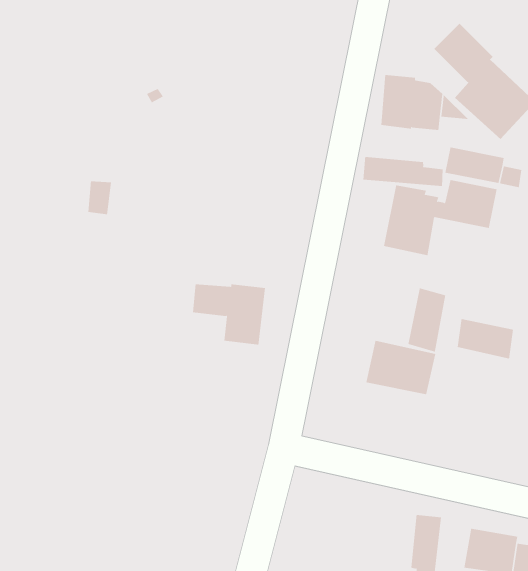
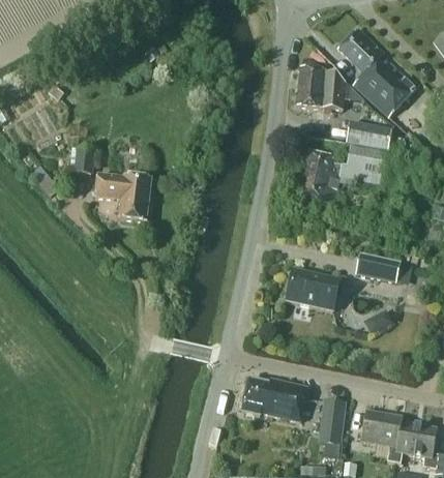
building: [363,156,443,187] -> none
building: [192,284,266,345] -> [94,174,150,220]
building: [408,287,446,352] -> none
building: none -> [240,378,307,421]

